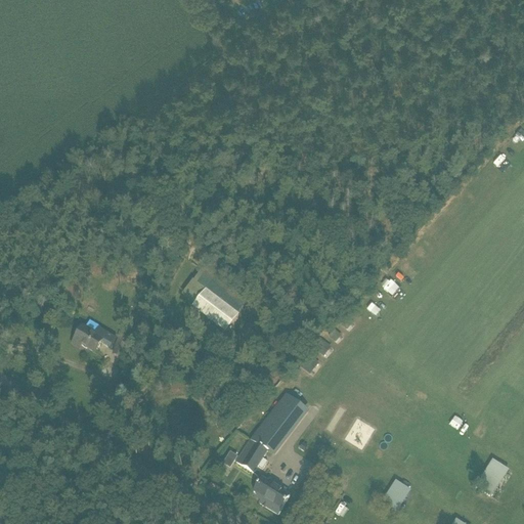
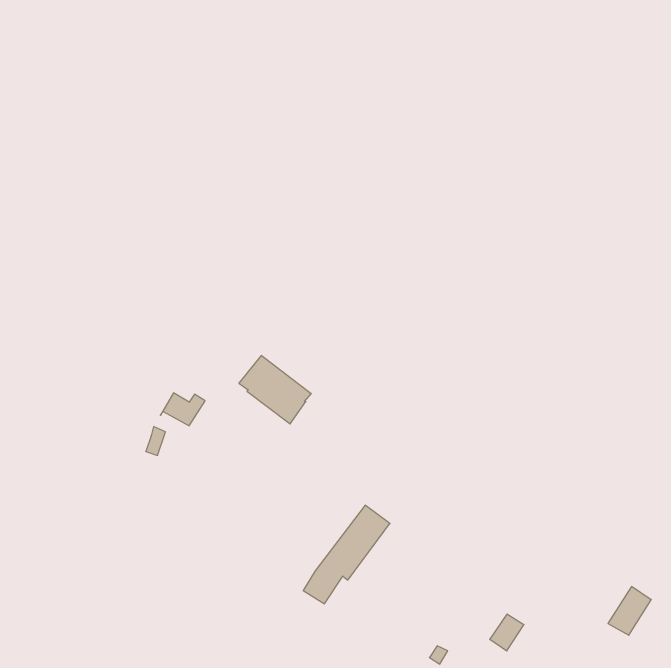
building: [73,325,107,351] -> [160,393,205,426]
building: [254,477,291,515] -> none

